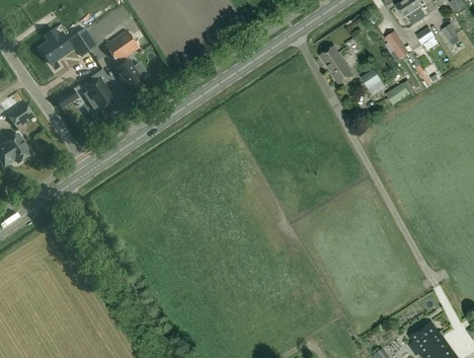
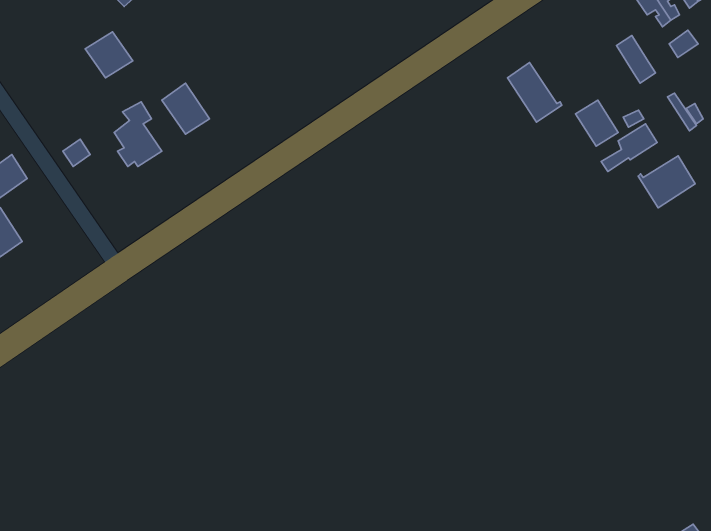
building: [105,29,140,63] -> none
building: [40,34,73,71] -> none
building: none -> [638,156,695,208]

